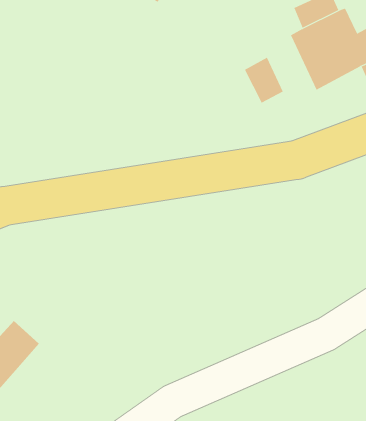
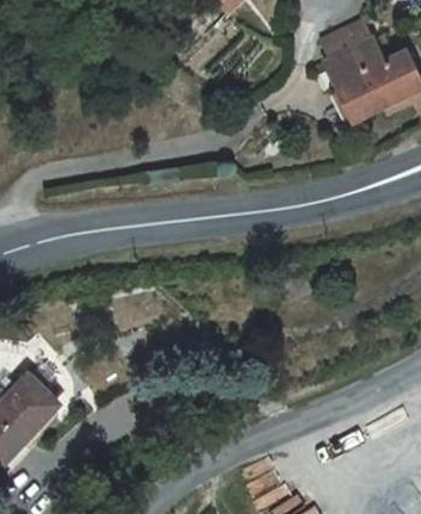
building: [244,57,284,103] -> none

